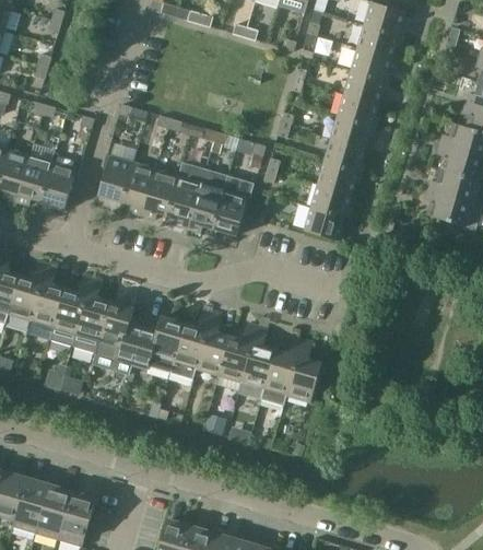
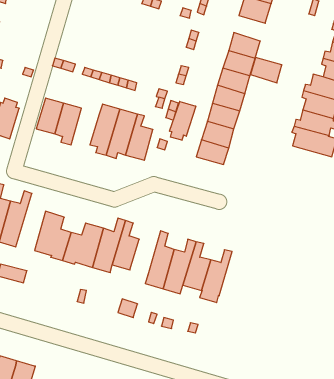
building: [351,48,391,81] -> [250,57,282,83]
building: none -> [170,101,196,140]
building: [142,167,178,219] -> none
building: [71,277,109,352] -> none
building: [215,323,257,390] -> [200,250,232,303]

